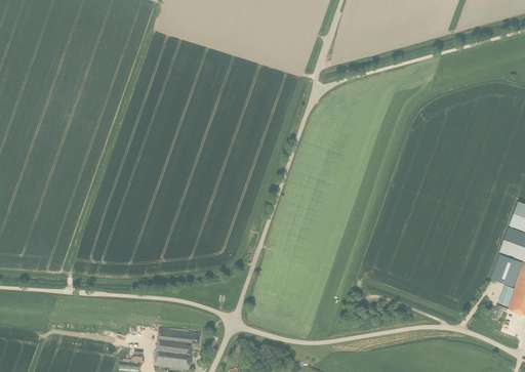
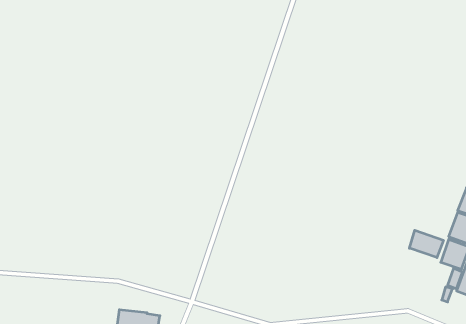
building: none -> [409,230,443,258]

